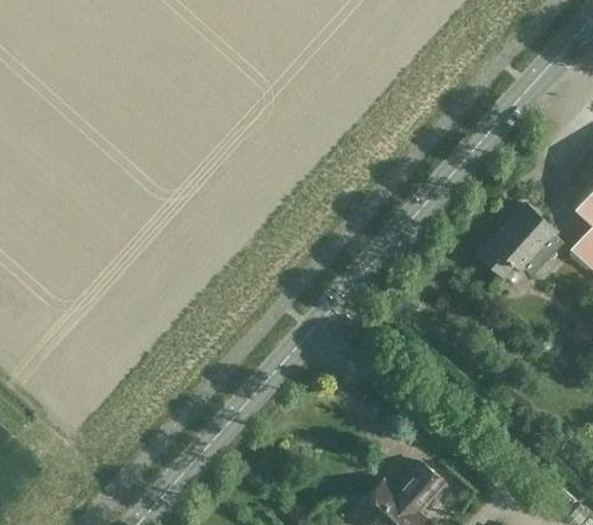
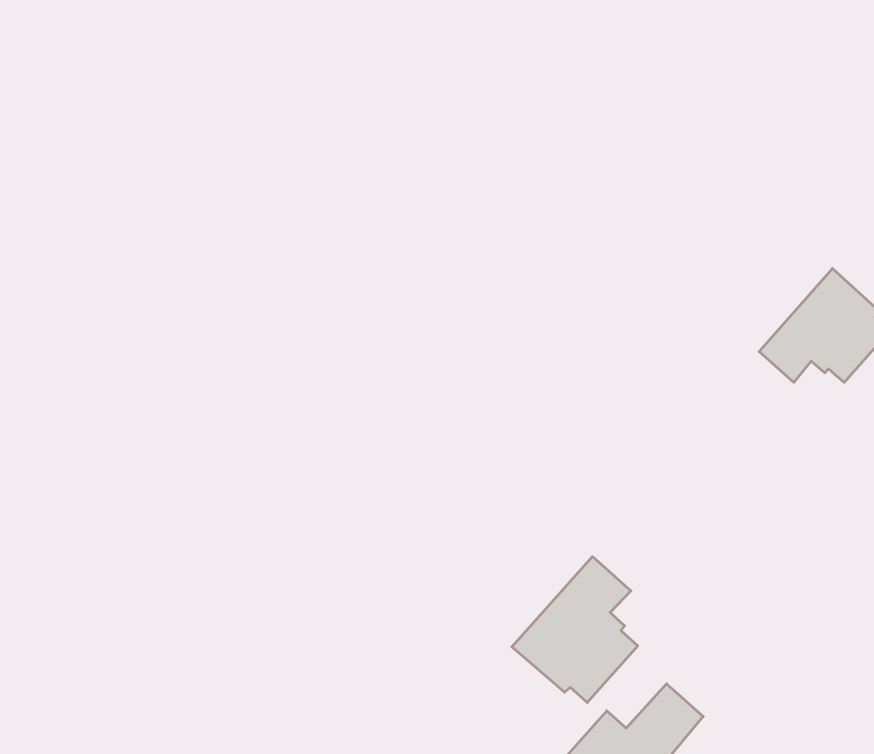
building: none -> [512,557,638,703]

